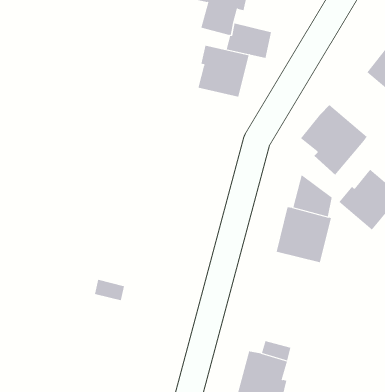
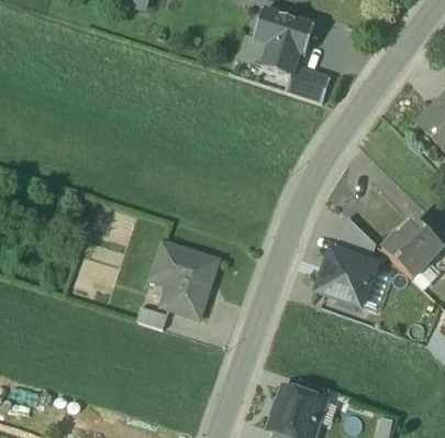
building: [198,45,249,97] -> none
building: [300,104,367,175] -> none
building: none -> [154,241,216,317]

